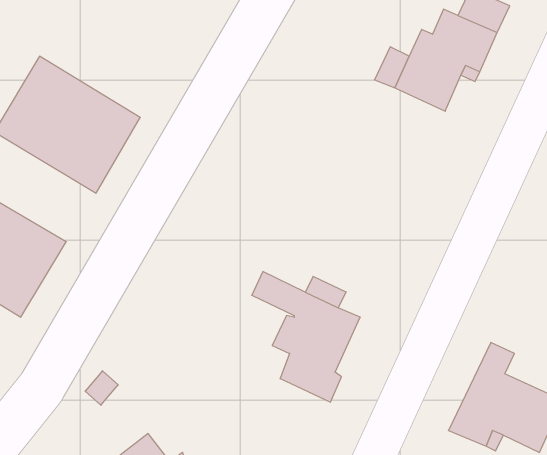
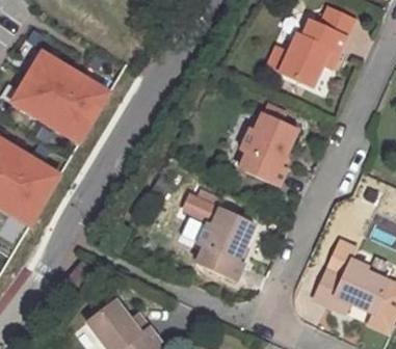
building: none -> [240,112,297,185]

